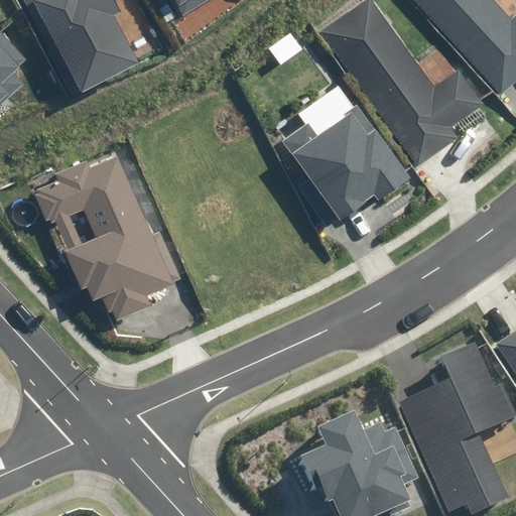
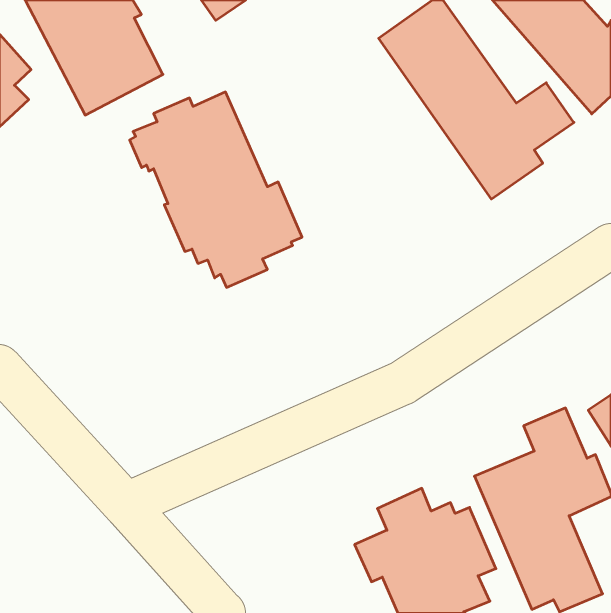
building: [282,104,410,220] -> none
building: [35,156,180,320] -> [130,92,302,287]

